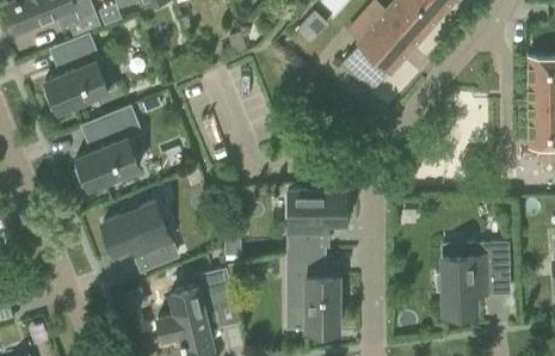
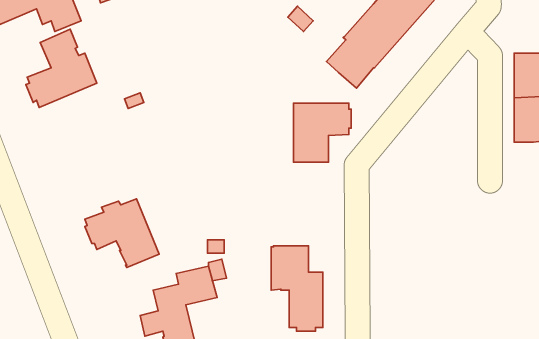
building: [74,109,140,190] -> none
building: [289,192,346,251] -> [294,103,351,162]
building: [434,246,507,317] -> none

